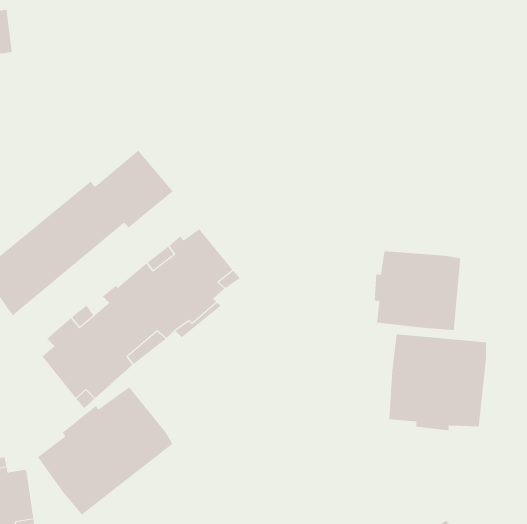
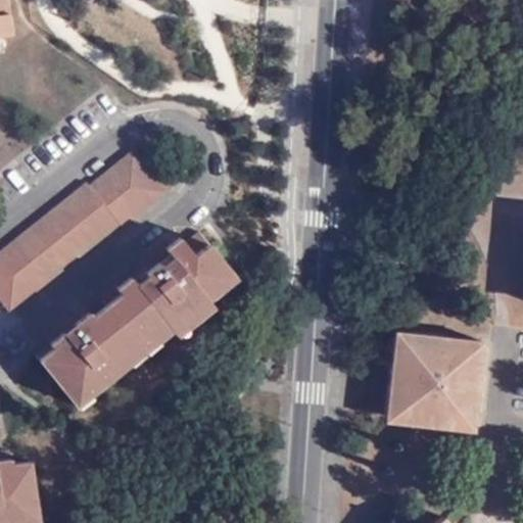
building: [374,250,461,331] -> none
building: [37,387,173,515] -> none

